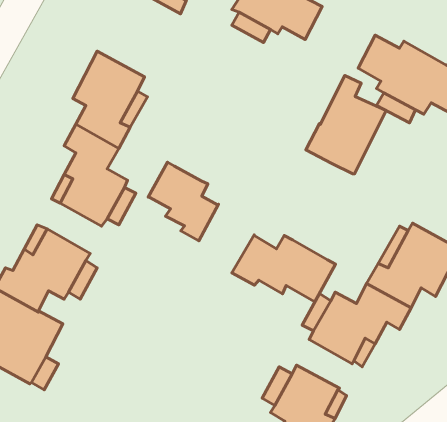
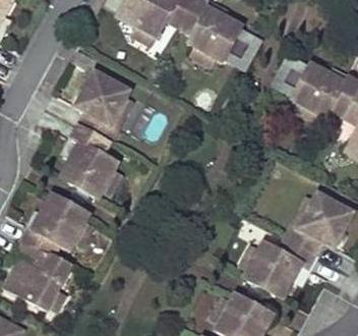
building: [306,76,386,174] -> none
building: [148,162,218,241] -> none
building: [232,235,336,302] -> none

